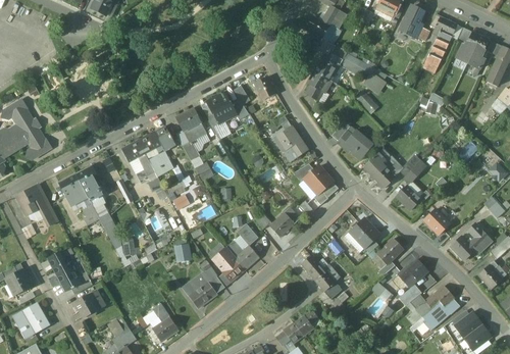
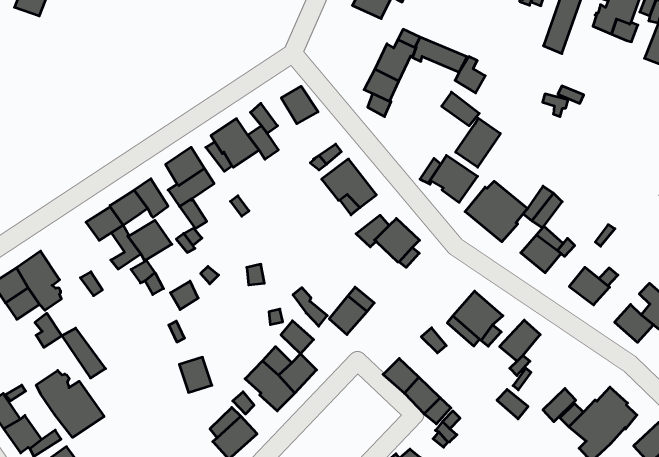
building: none -> [456,118,500,167]
building: none -> [36,370,104,437]
building: [398,259,427,288] -> none

